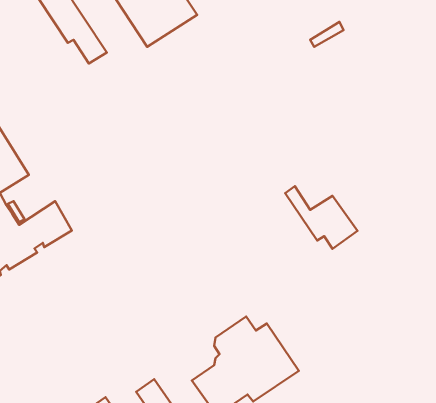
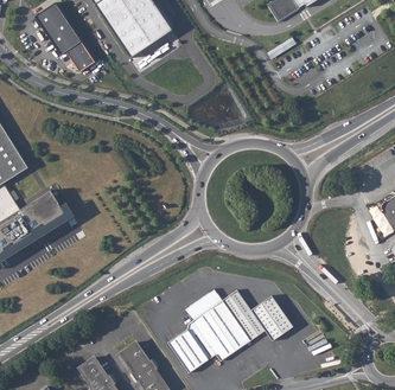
building: [285,186,358,249] -> [231,289,293,343]

